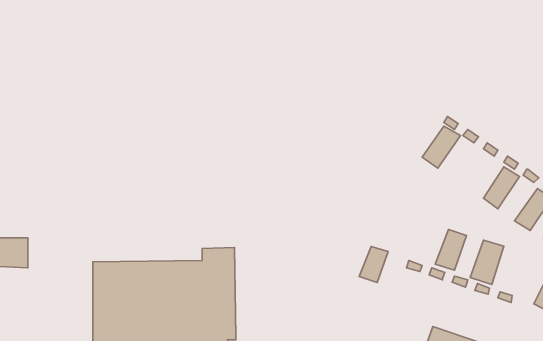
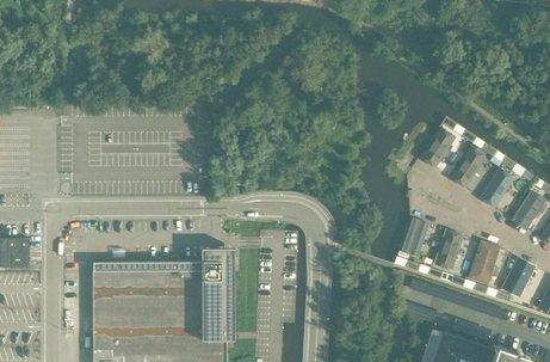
building: none -> [451,146,488,189]
building: [359,247,388,283] -> [402,219,431,254]
building: none -> [499,256,534,296]

